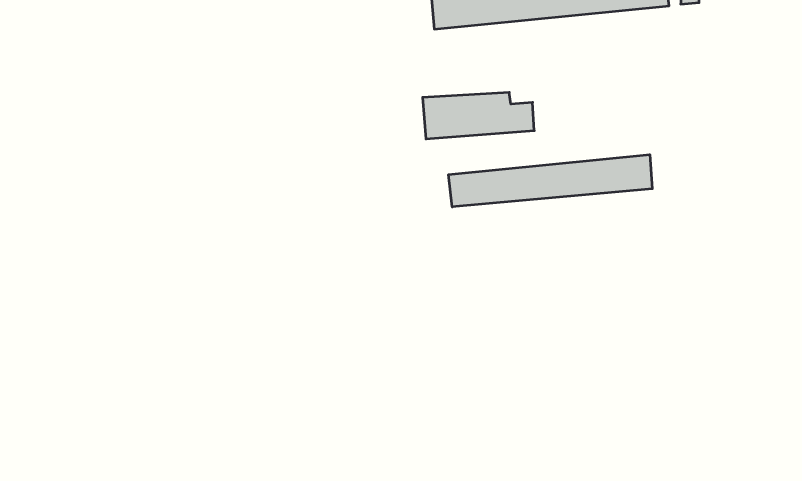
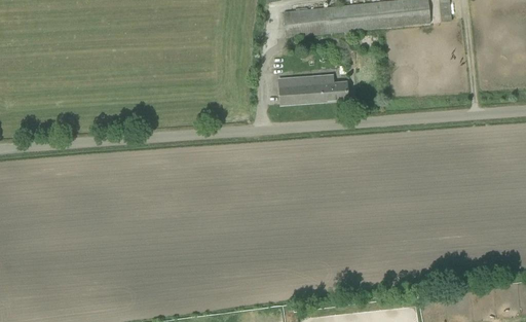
building: [449,155,652,207] -> none

